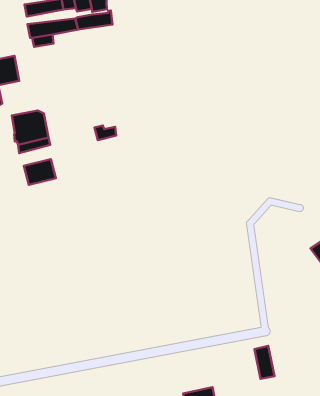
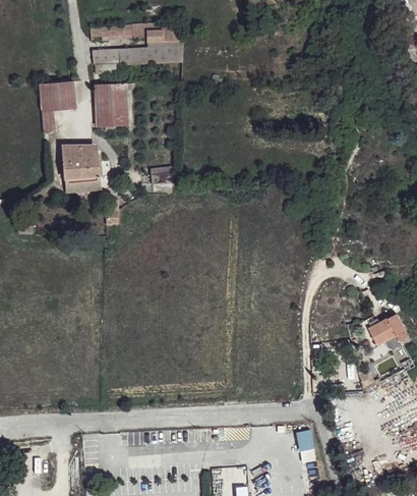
building: none -> [94,84,127,128]
building: [24,159,56,185] -> none

